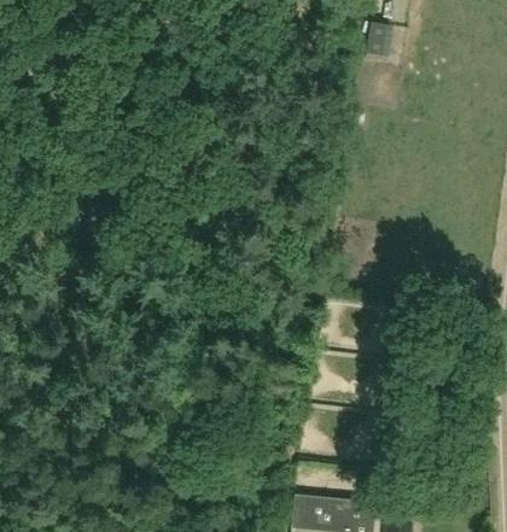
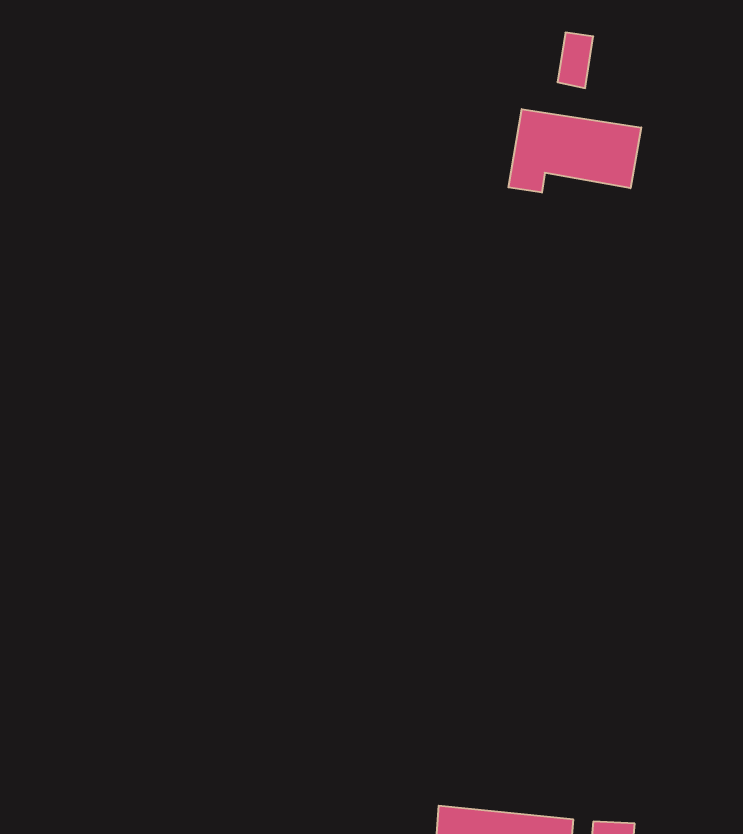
building: none -> [508,109,641,193]

